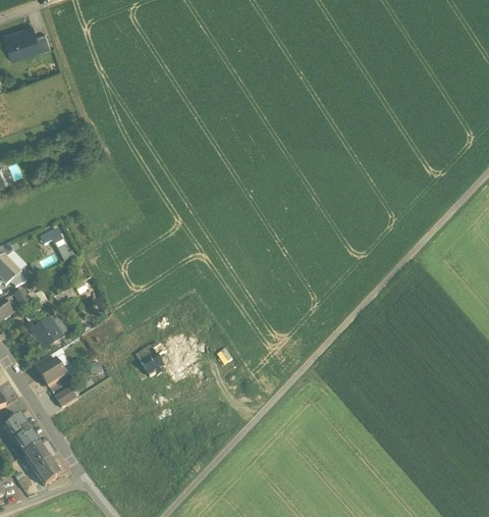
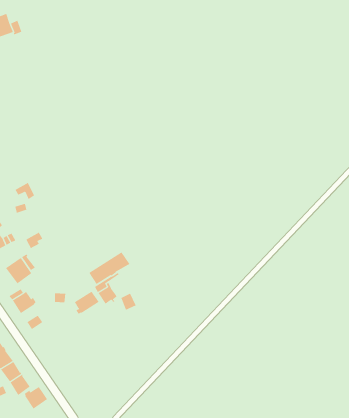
building: none -> [88,251,130,285]
building: none -> [74,291,99,314]
building: none -> [24,386,48,409]

